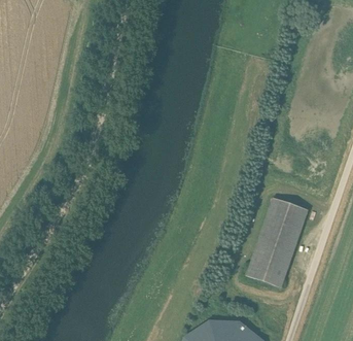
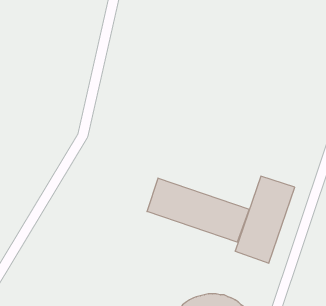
building: none -> [147,178,249,242]

